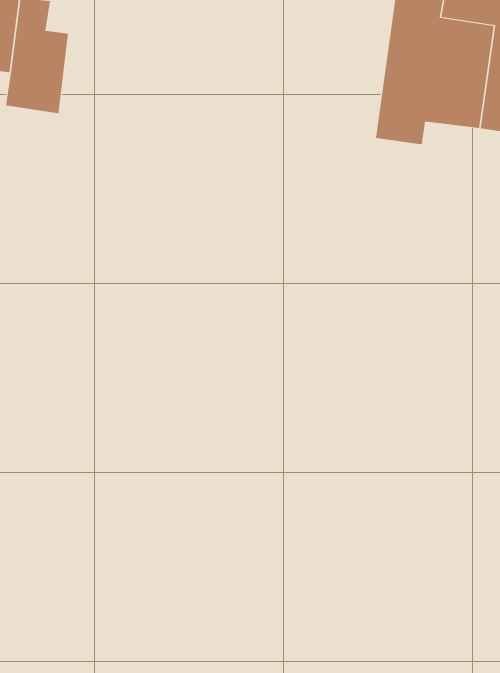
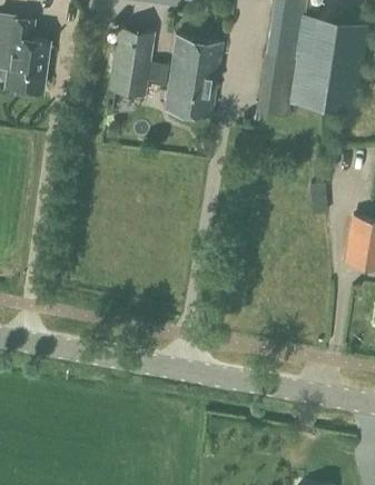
building: none -> [108,30,155,97]
building: none -> [165,38,221,117]

